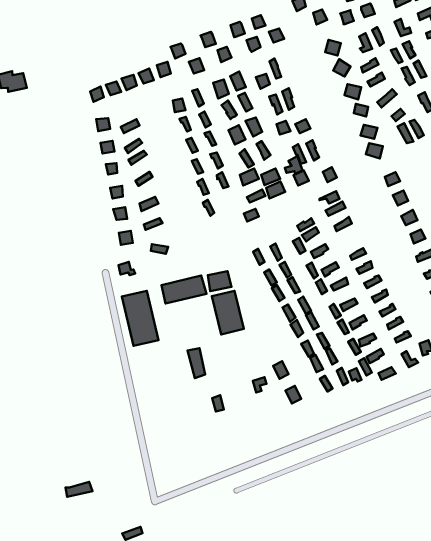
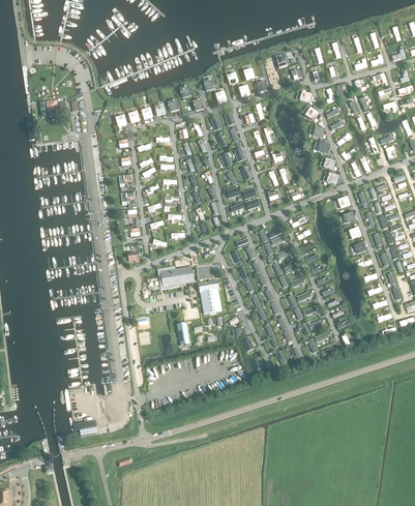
building: [122,291,158,346] -> none

